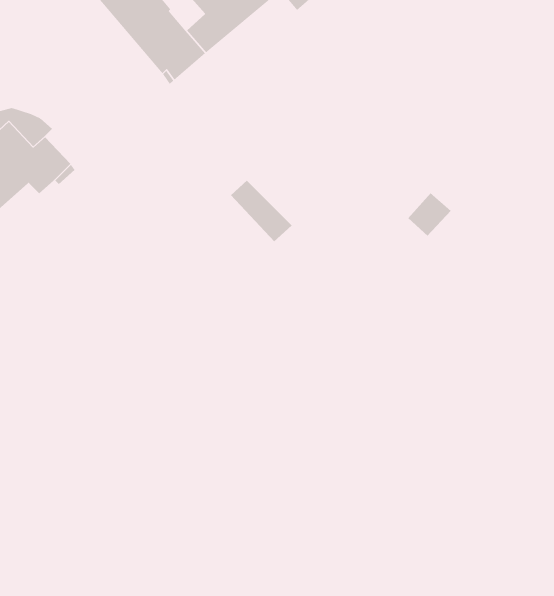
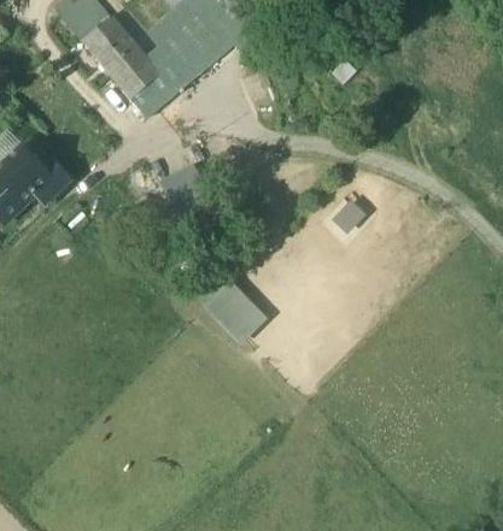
building: [230,180,292,242] -> [209,288,258,337]

